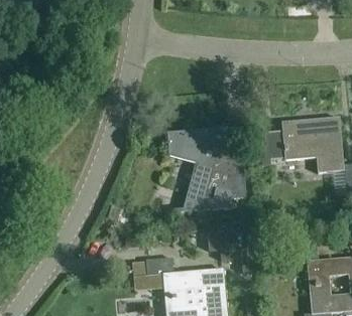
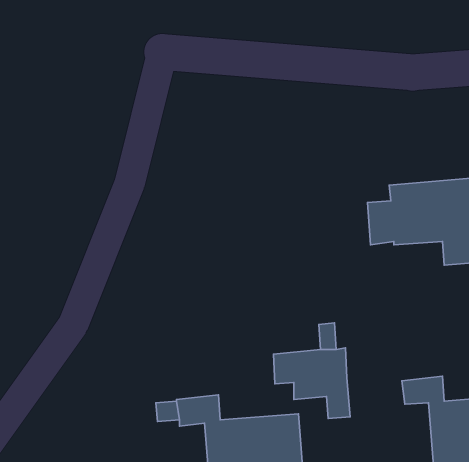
building: [166,127,246,211] -> none

